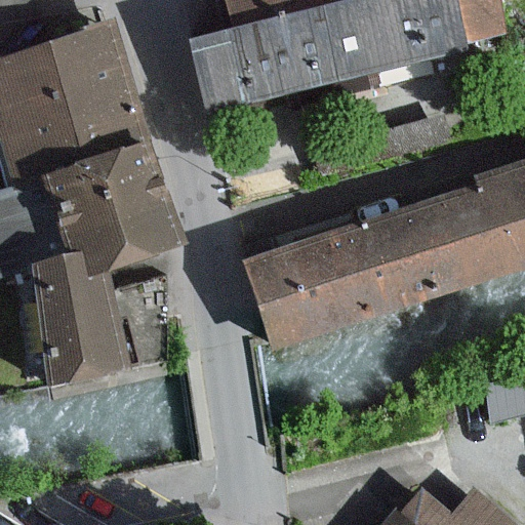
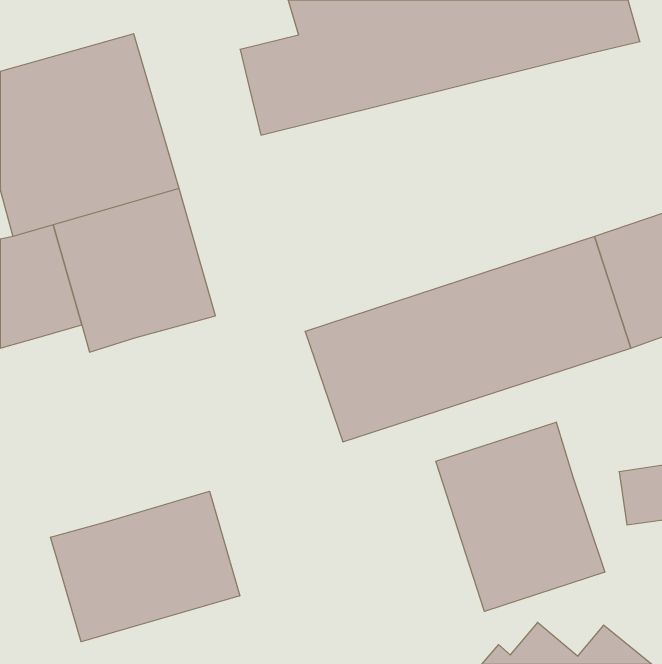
building: [34,256,135,381] -> none
building: none -> [436,422,605,611]
building: none -> [51,491,240,642]

